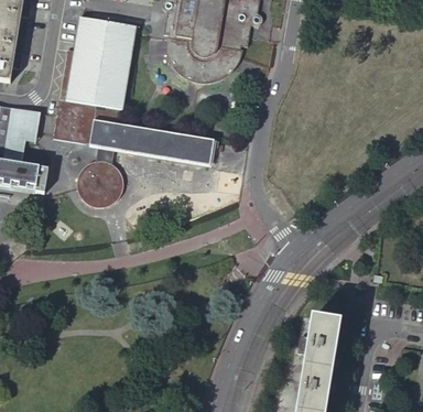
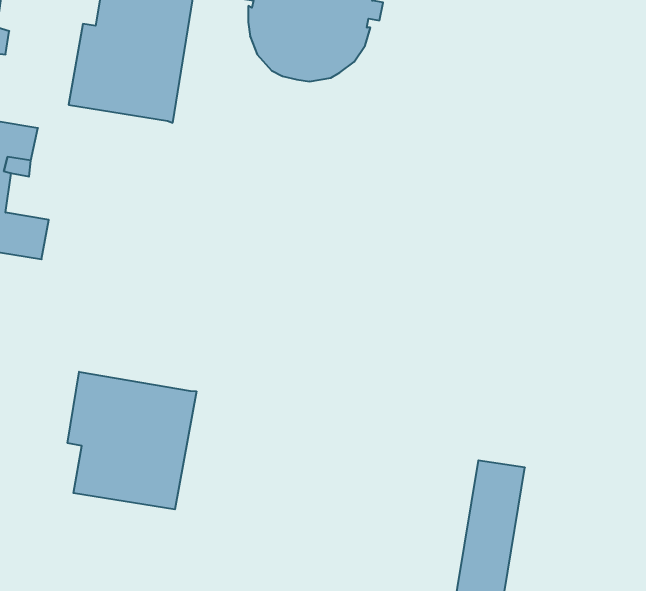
building: [53,98,215,204] -> none
building: none -> [68,372,196,509]

